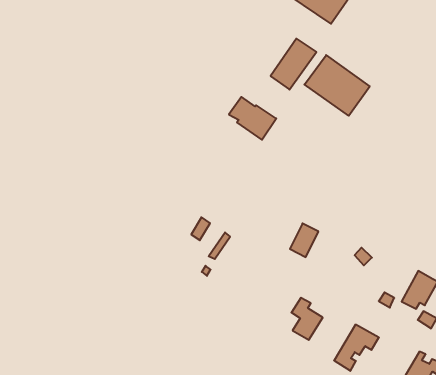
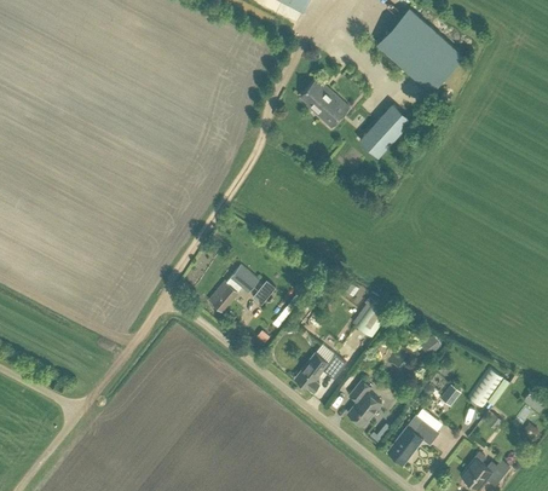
building: [304,55,370,116] -> none
building: [229,97,276,140] -> [299,80,348,128]
building: none -> [208,265,259,312]
building: none -> [294,343,347,393]

